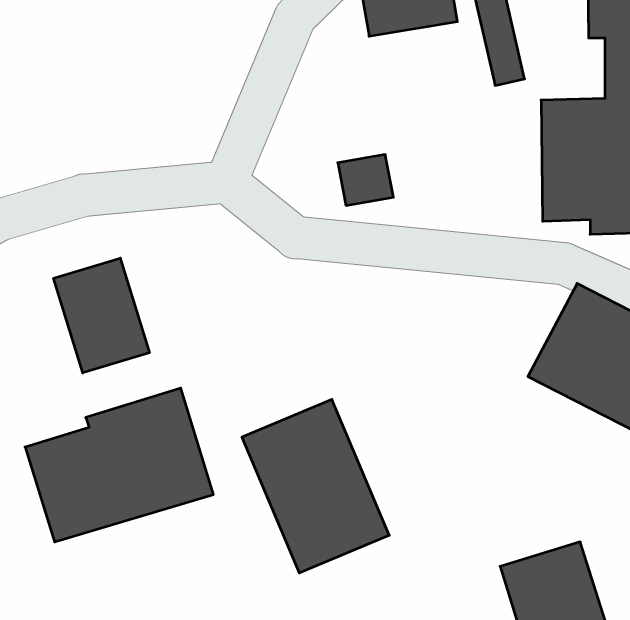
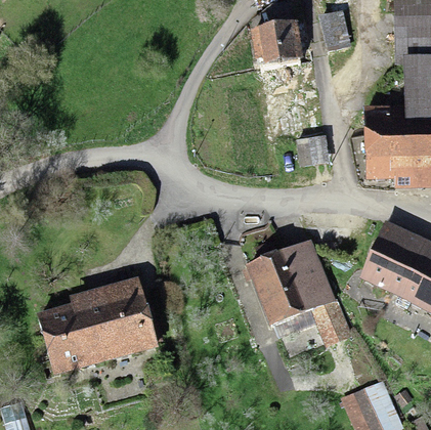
building: [338,155,393,205] -> [295,131,330,163]
building: [54,258,149,373] -> none
building: [242,399,389,573] -> [252,247,344,355]

